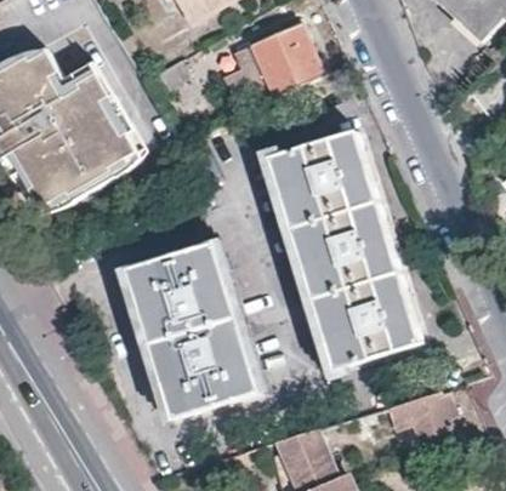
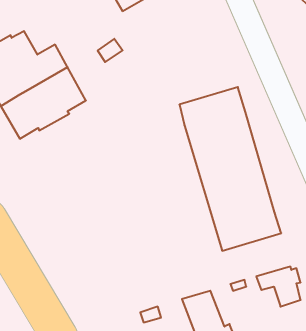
building: [220,22,322,97] -> none
building: [125,244,258,417] -> none

